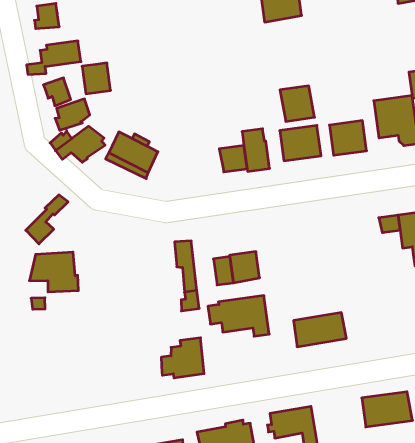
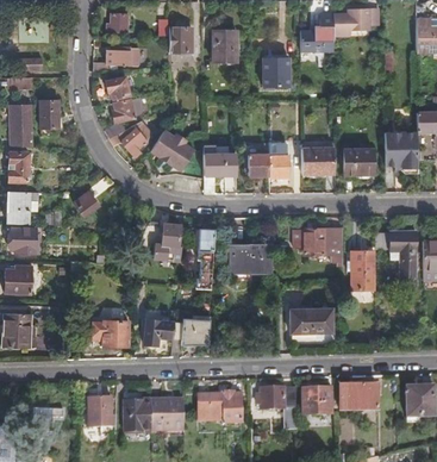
building: none -> [213,31,237,61]
building: [82,63,111,94] -> [171,26,193,50]
building: [280,86,315,121] -> [263,57,289,85]
building: none -> [204,154,225,193]
building: none -> [351,250,374,288]
building: [29,252,78,292] -> [139,223,181,258]
building: [208,296,269,336] -> [294,229,343,262]
building: none -> [144,319,174,344]
building: none -> [92,321,126,345]
building: none -> [302,386,330,411]

